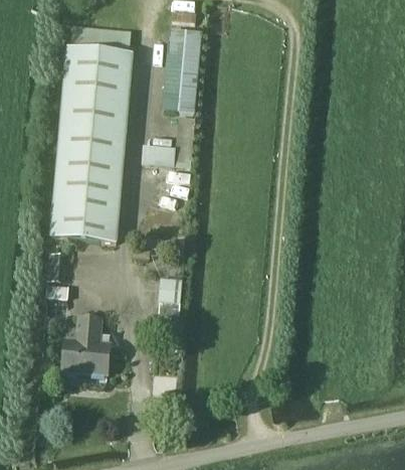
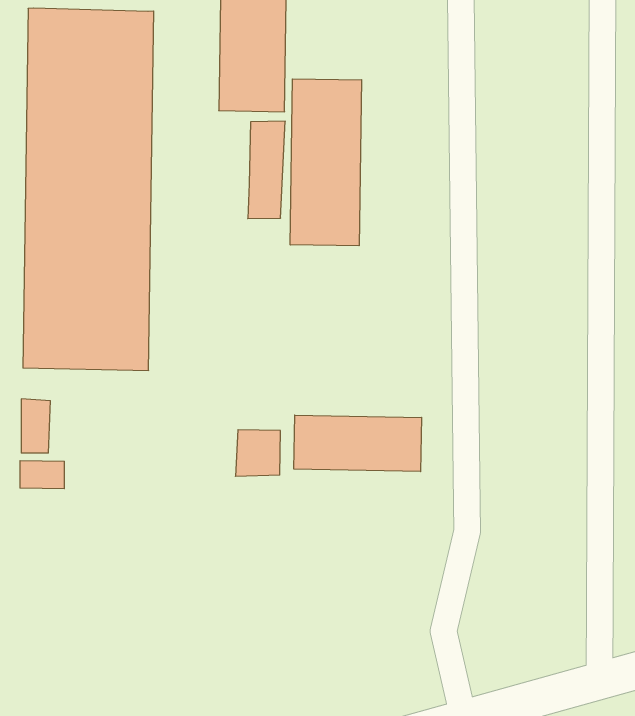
building: none -> [290,79,362,246]
building: none -> [294,415,422,472]
building: [61,315,109,372] -> none

